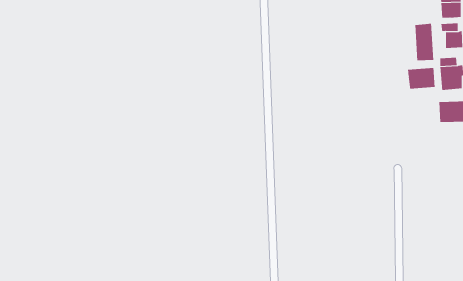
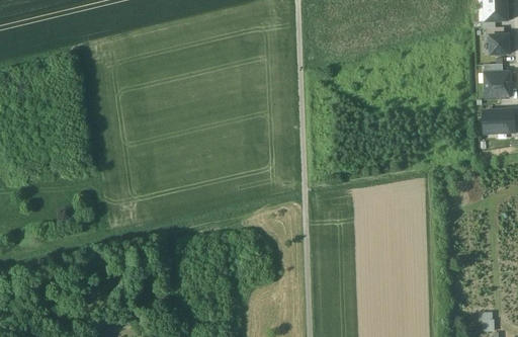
building: [415,23,434,61] -> none
building: [407,67,435,89] -> none

